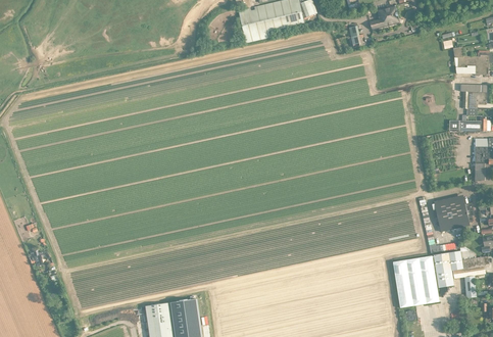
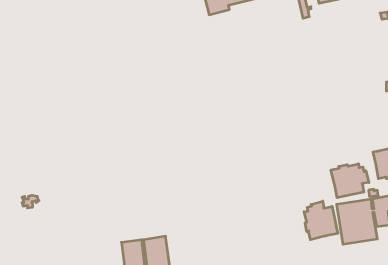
building: none -> [331,164,369,198]
building: none -> [304,201,338,240]

